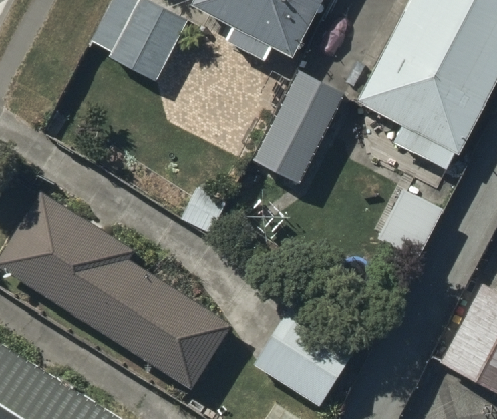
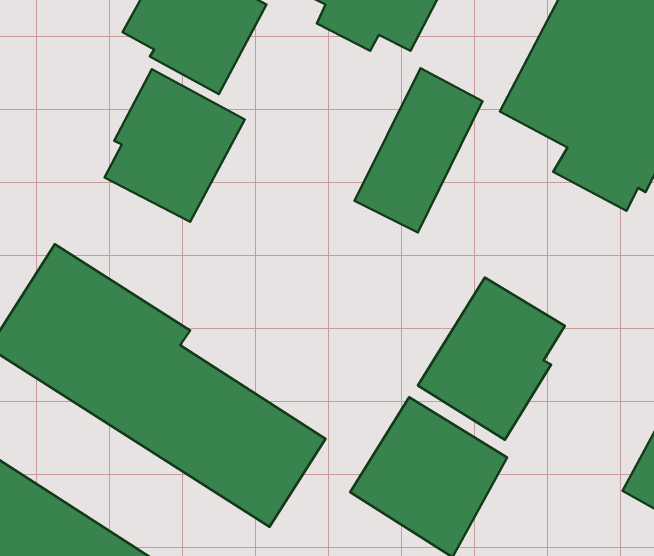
building: none -> [105,69,245,222]
building: none -> [418,277,565,440]

